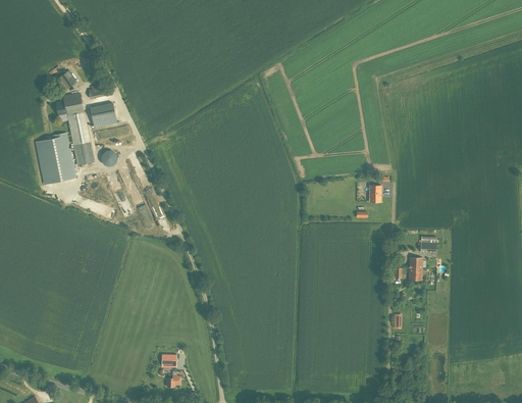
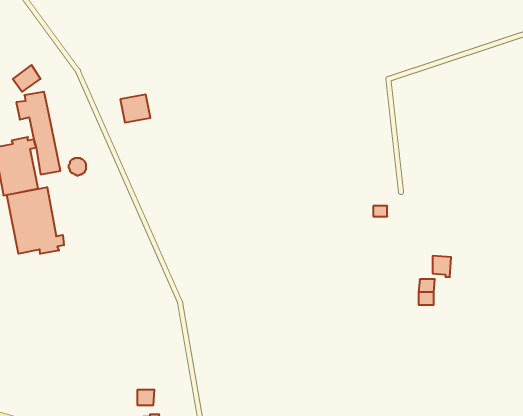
building: [90,103,116,128] -> [120,95,150,123]
building: none -> [7,187,64,254]

